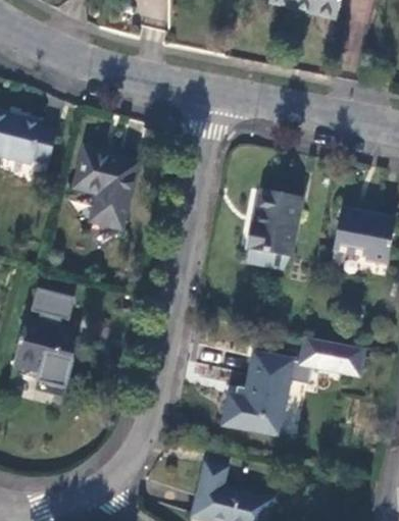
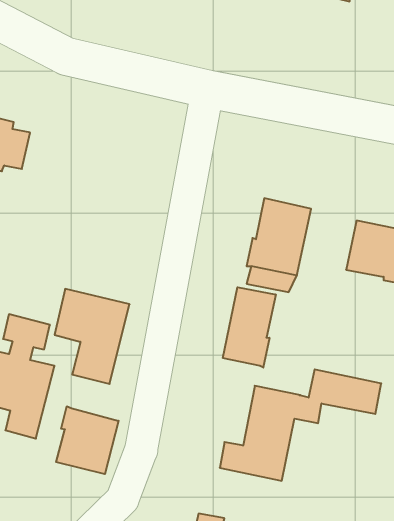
building: [74,148,140,230] -> [55,289,130,384]
building: none -> [223,287,276,368]
building: none -> [56,406,119,474]

